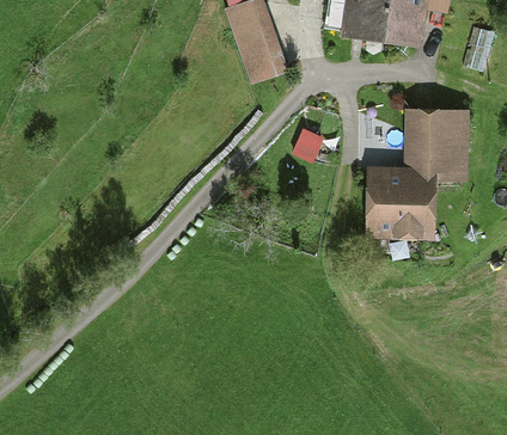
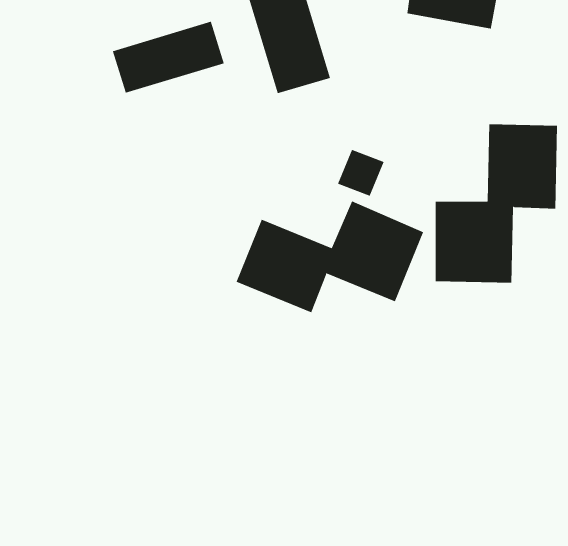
building: none -> [112,21,225,94]
building: none -> [236,201,424,313]

